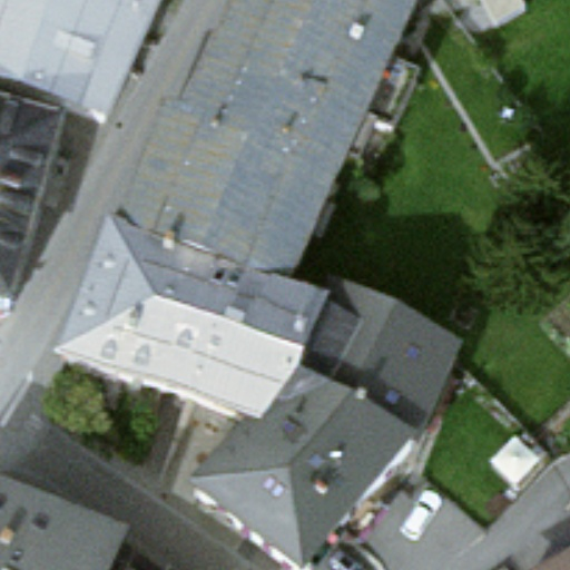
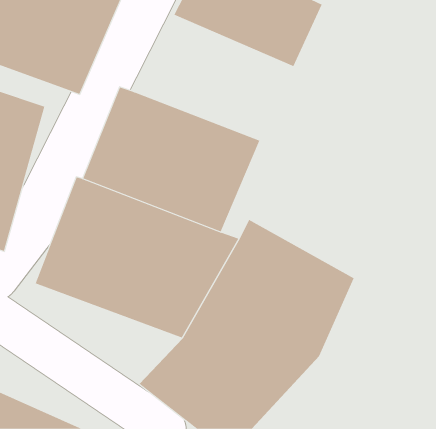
building: [173,19,377,180] -> none

